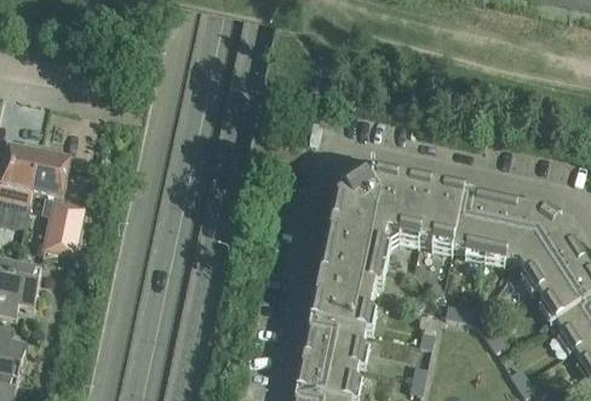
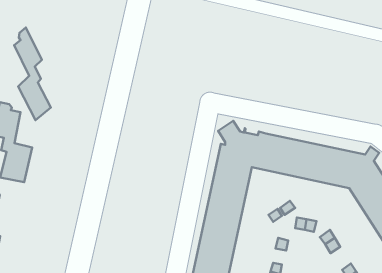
building: none -> [14,28,51,120]

